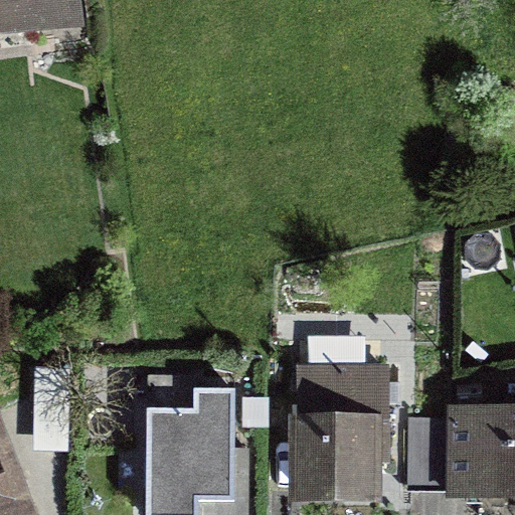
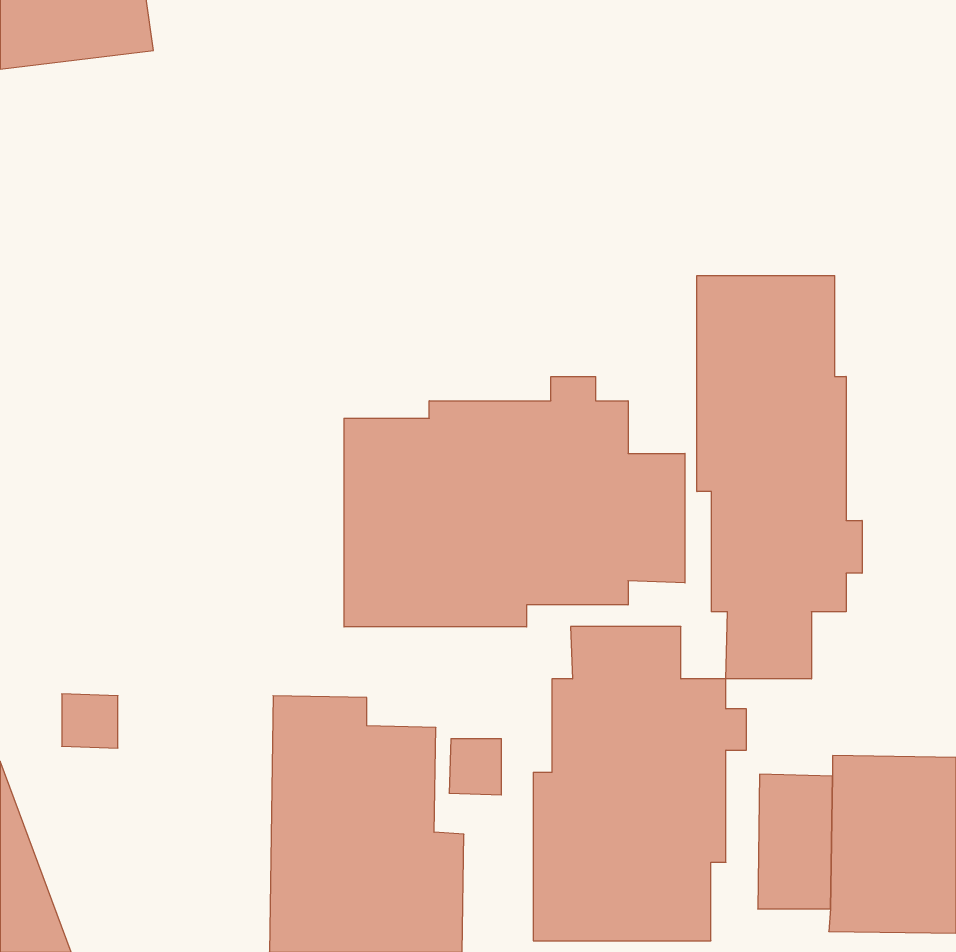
building: none -> [697,276,862,679]
building: none -> [344,377,685,627]

